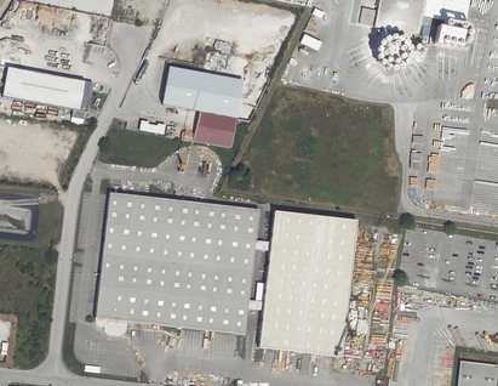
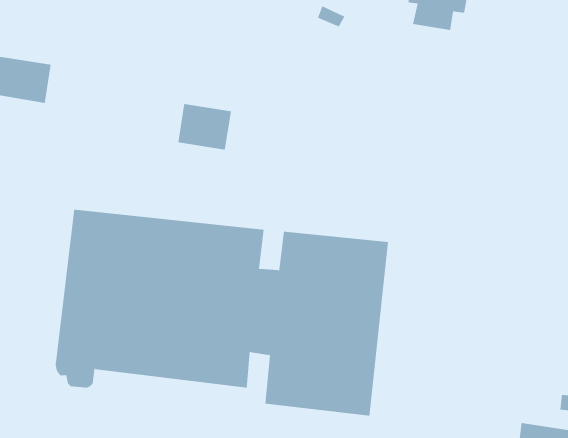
building: [160,67,240,117] -> none

